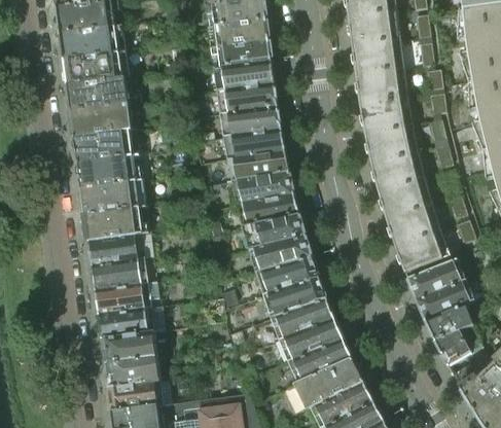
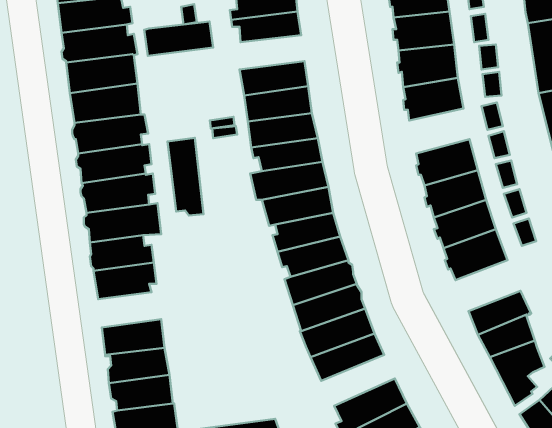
building: [215,63,275,93] -> [144,21,213,56]
building: [365,127,418,166] -> none
building: none -> [168,138,204,216]
building: [408,265,462,302] -> none
building: [96,286,150,317] -> none
building: [289,341,353,385] -> none

